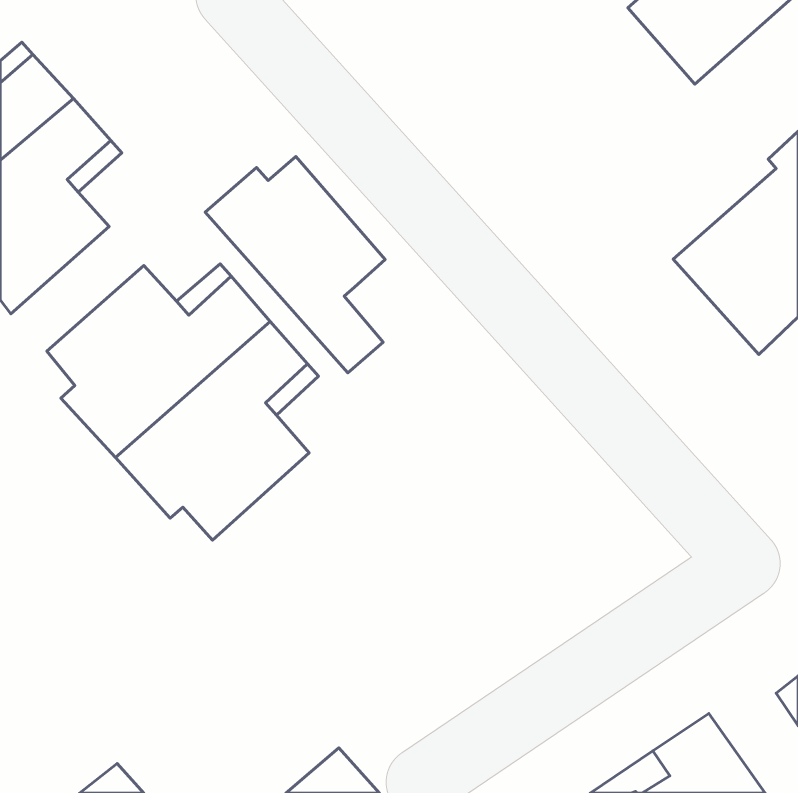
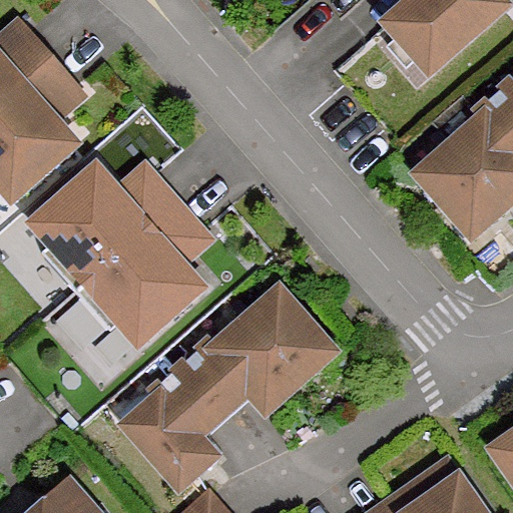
building: [205,157,385,373] -> none
building: none -> [122,294,331,491]

